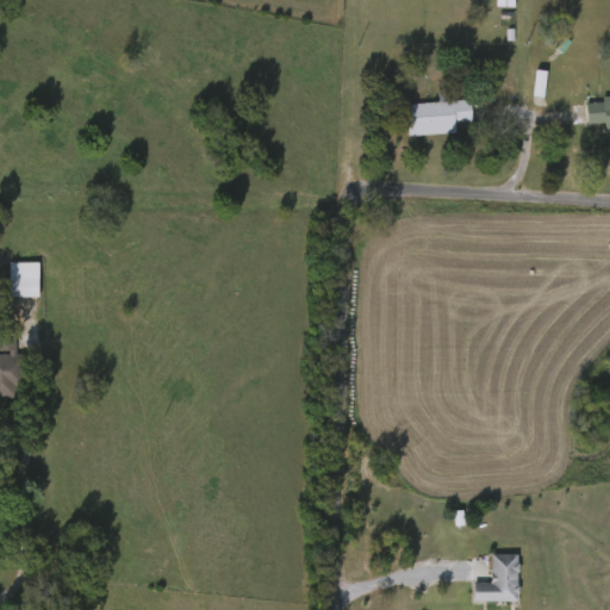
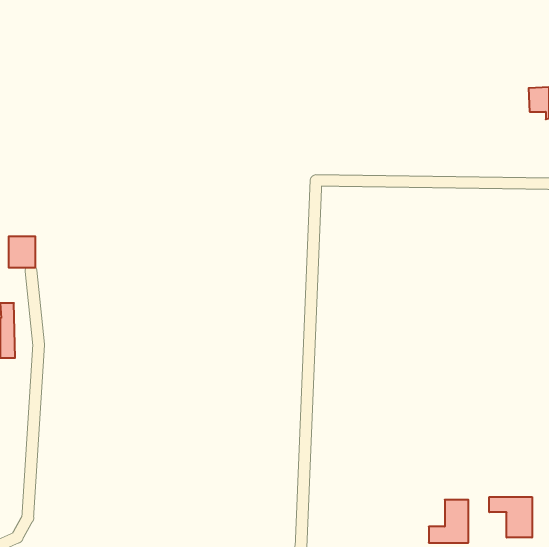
building: [409,101,472,135] -> none
building: none -> [489,497,532,538]

